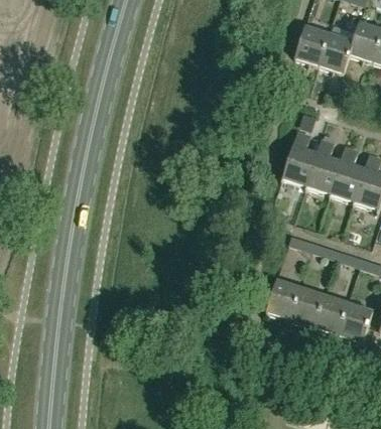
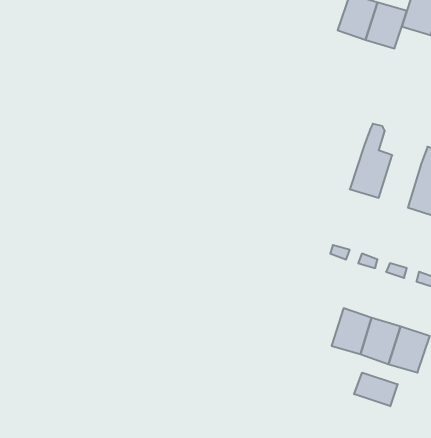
building: [282,130,318,188] -> none
building: [330,145,365,203] -> none
building: [266,279,300,318] -> none
building: none -> [354,373,398,406]

